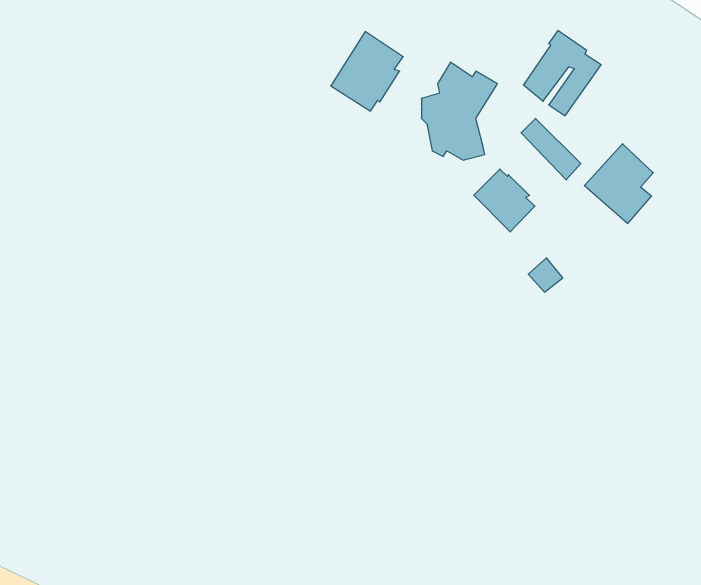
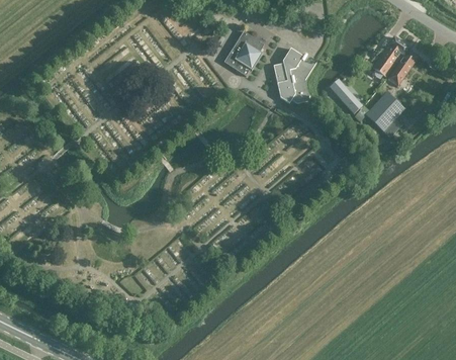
building: [523,31,601,116] -> [373,36,417,84]
building: [474,169,535,232] -> none

